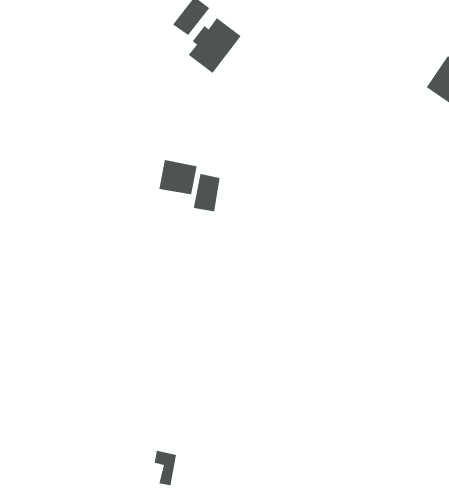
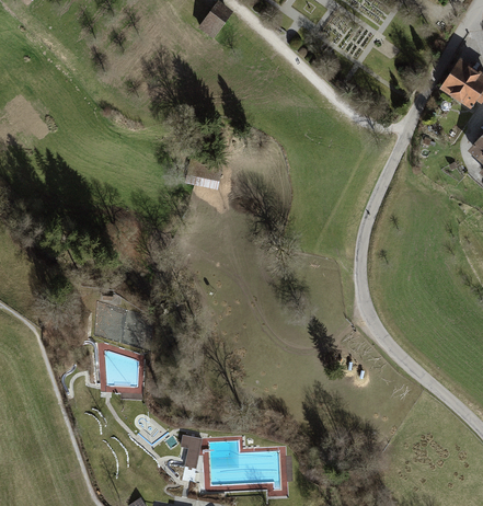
building: [188,17,241,74] -> none
building: [193,173,220,212] -> none

